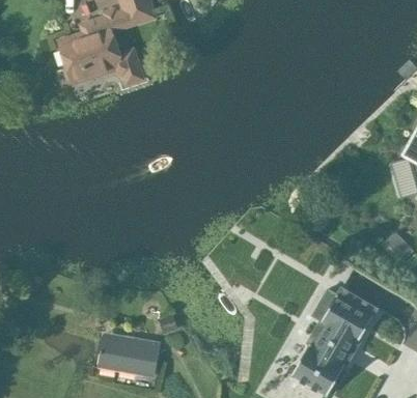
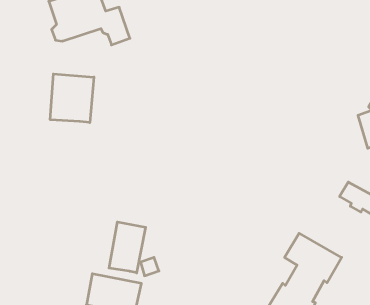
building: none -> [50,74,94,123]
building: none -> [109,222,146,273]

